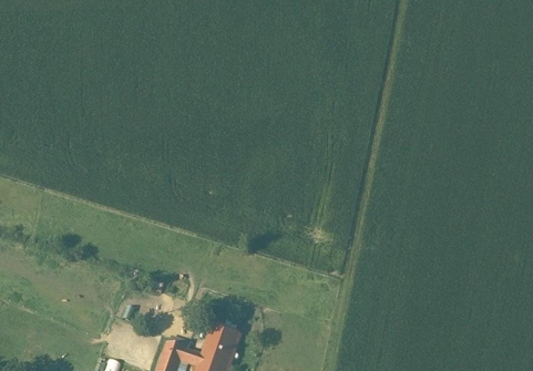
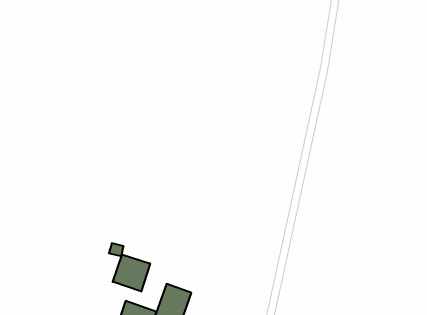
building: none -> [113,254,150,292]

